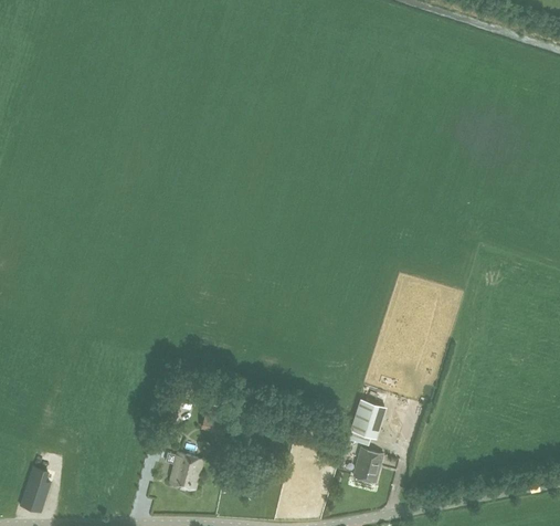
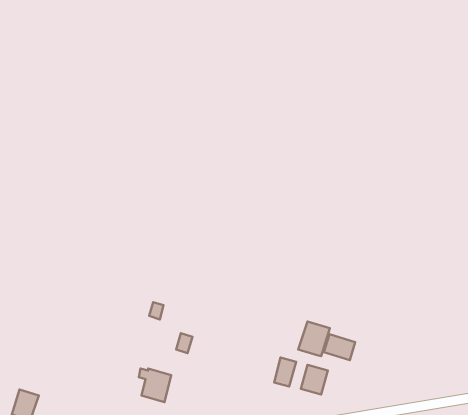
building: none -> [324,334,355,360]
building: none -> [274,357,296,387]

